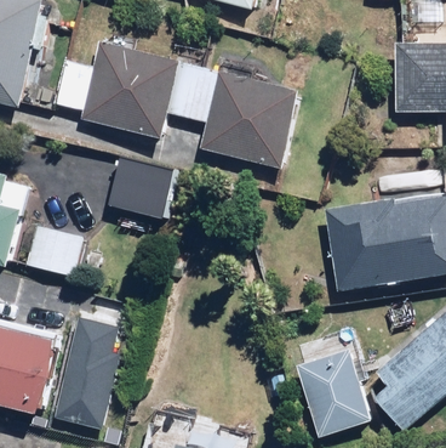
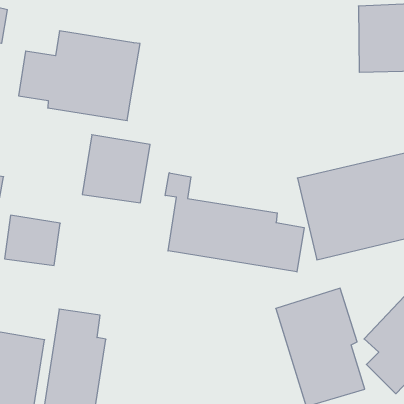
building: [165,57,301,169] -> none
building: none -> [165,173,304,272]

